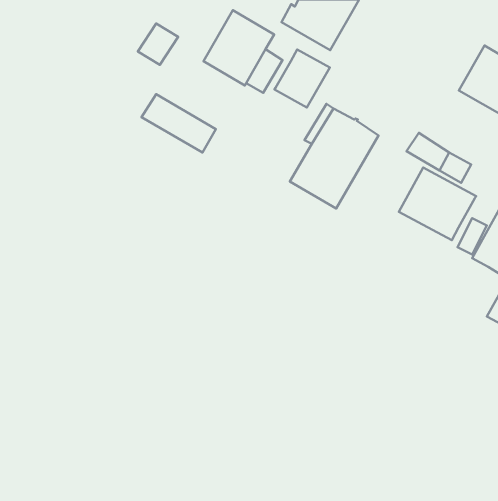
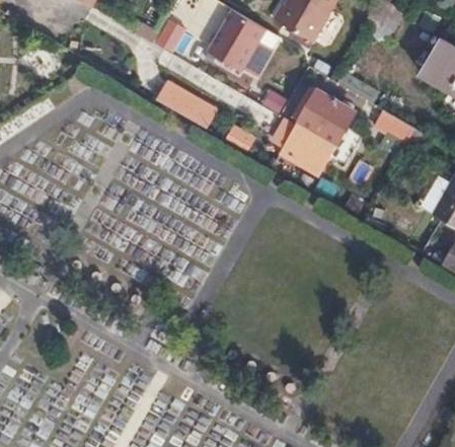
building: [274,49,330,108] -> none
building: [399,168,476,240] -> none

